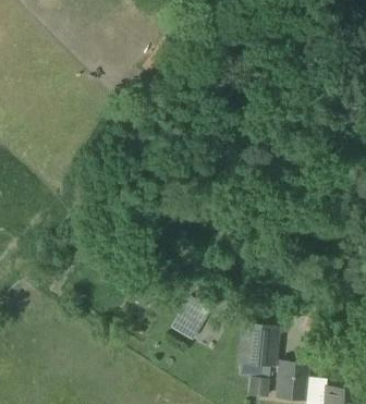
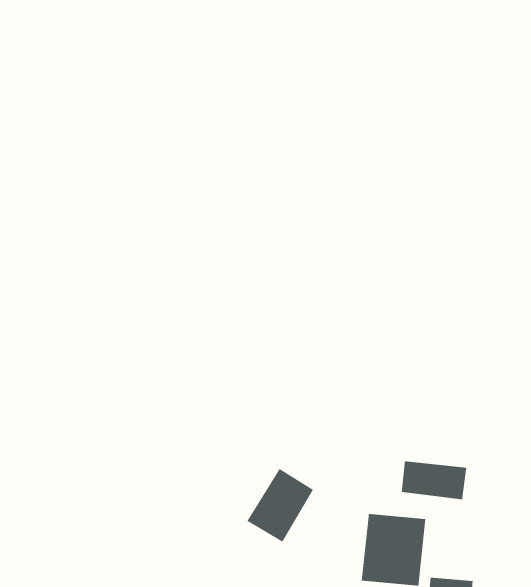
building: none -> [401,460,467,500]

